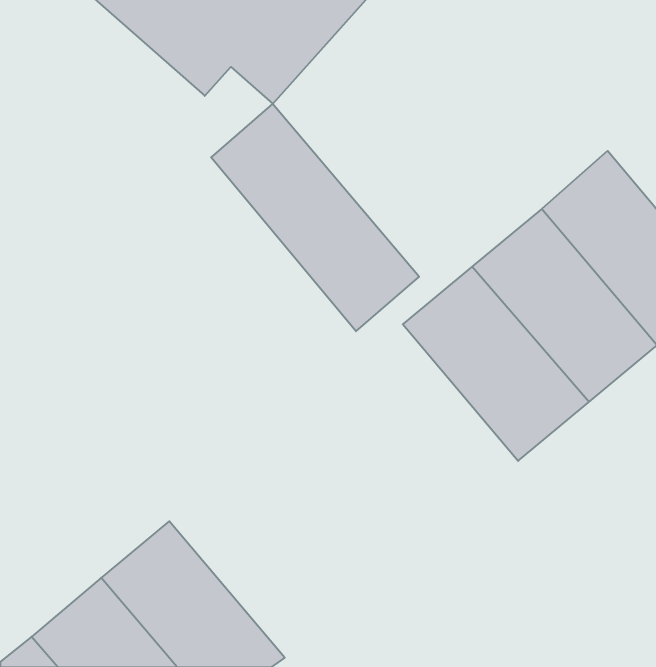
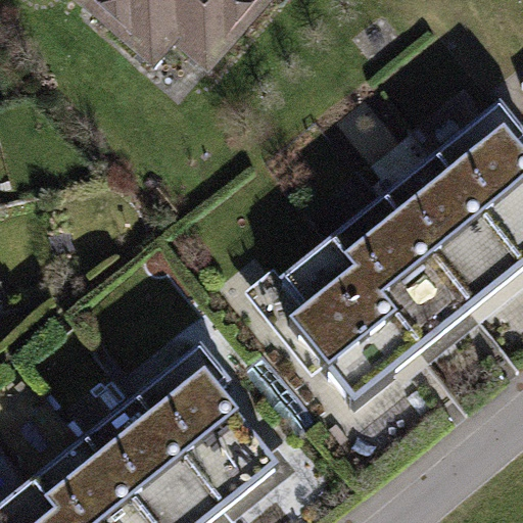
building: [211,104,419,331] -> none
building: none -> [272,252,415,403]
building: none -> [143,361,285,512]

